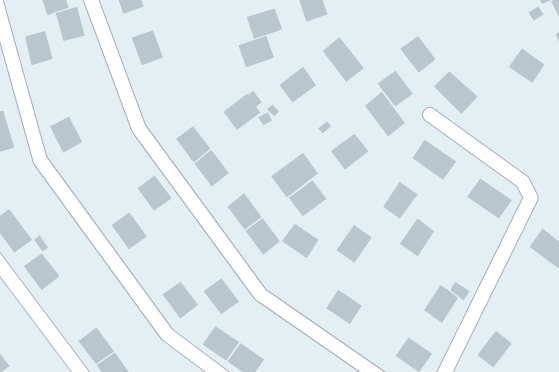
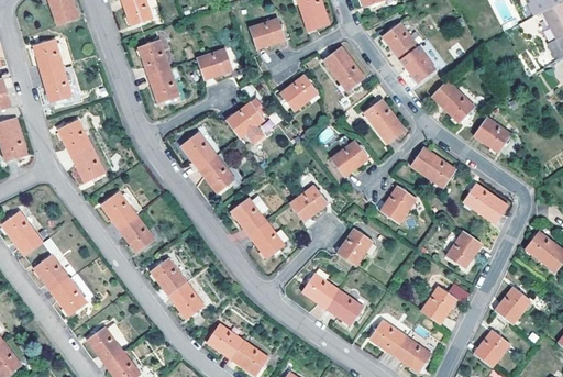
building: [55,6,86,41] -> [42,68,71,102]
building: [237,35,275,68] -> [197,48,233,80]
building: [508,47,545,84] -> [474,115,510,151]
building: none -> [148,67,180,103]
building: [377,70,414,108] -> [380,22,417,58]
building: none -> [73,148,107,185]
building: [270,152,319,198] -> none
building: [137,174,173,212] -> [102,192,137,229]
building: [399,218,435,257] -> [445,230,481,268]
building: [281,223,320,259] -> [301,274,339,309]
building: none -> [52,278,88,315]
building: [203,278,240,315] -> [151,259,187,296]
building: none -> [494,287,530,324]
building: none -> [369,320,407,355]

